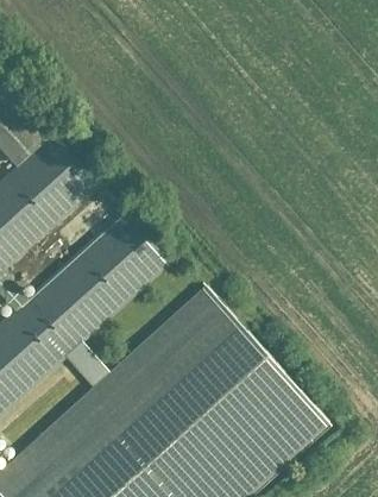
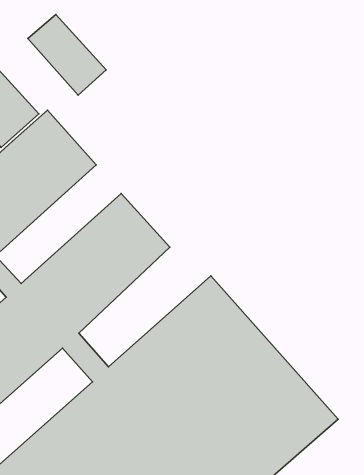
building: none -> [28,14,106,95]

